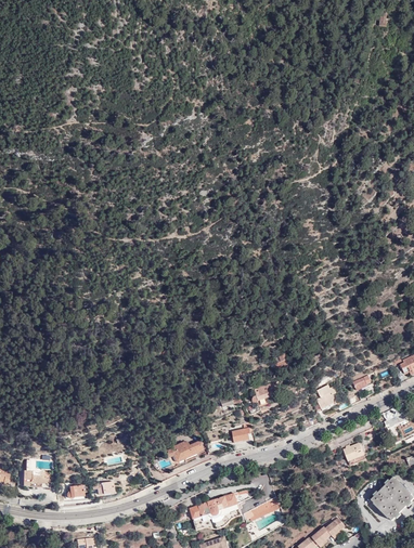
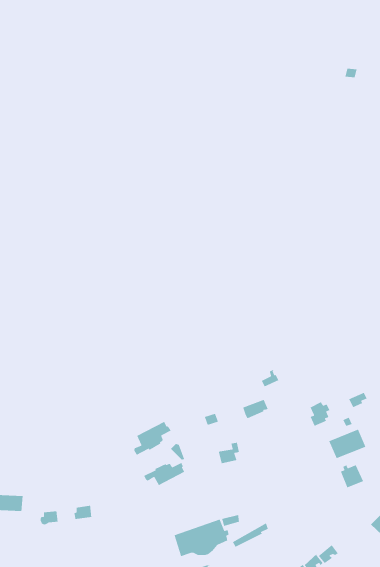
building: none -> [134,421,172,456]
building: none -> [328,429,367,459]

